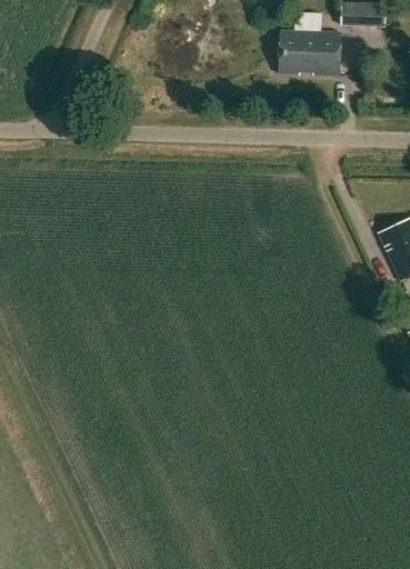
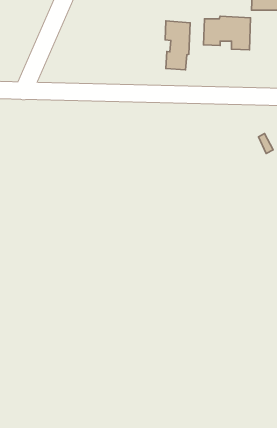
building: none -> [165,21,190,70]

